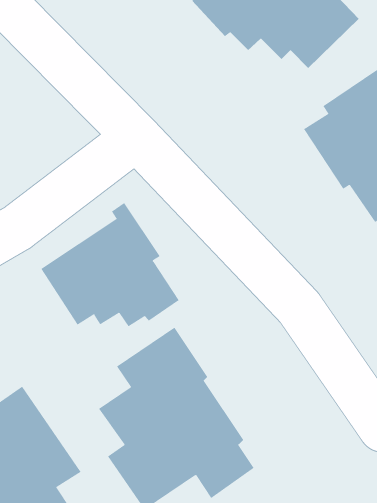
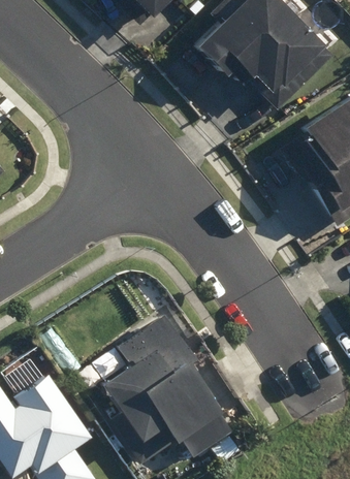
building: [40,202,179,327] -> none

